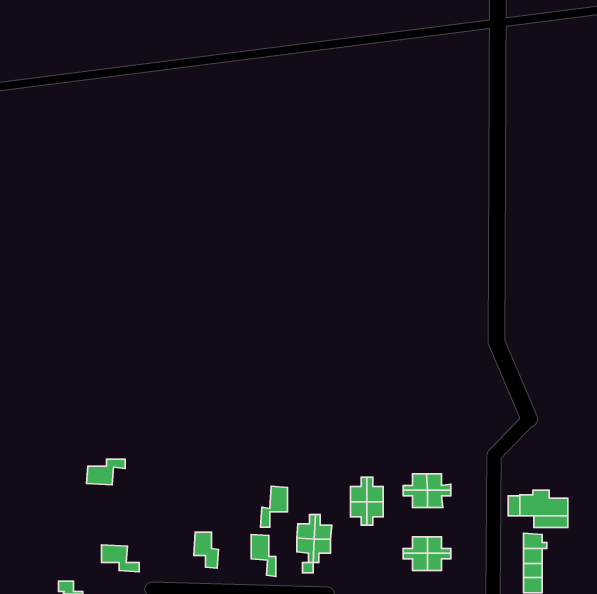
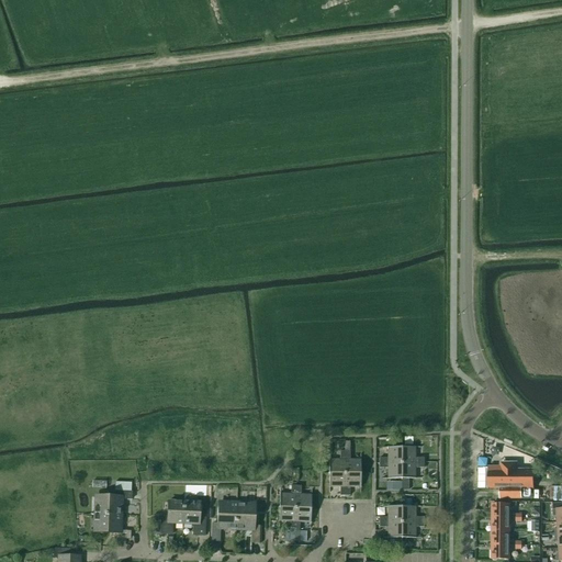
building: [87,459,125,485] -> [95,490,132,514]
building: [261,486,287,527] -> [211,502,236,540]
building: none -> [160,499,183,532]

